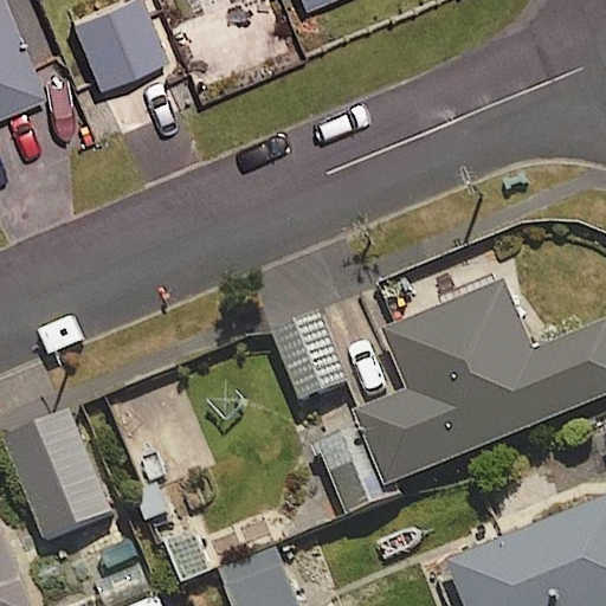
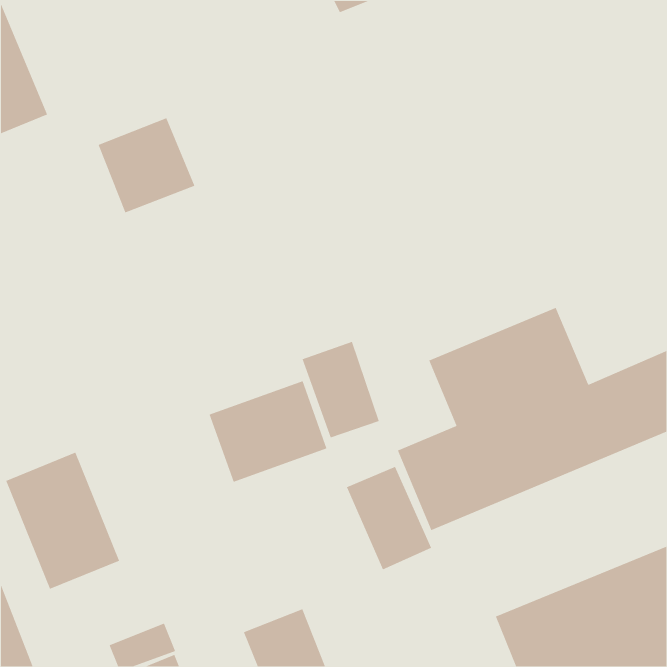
building: [76,5,165,92] -> [98,117,195,214]
building: none -> [209,380,328,483]

